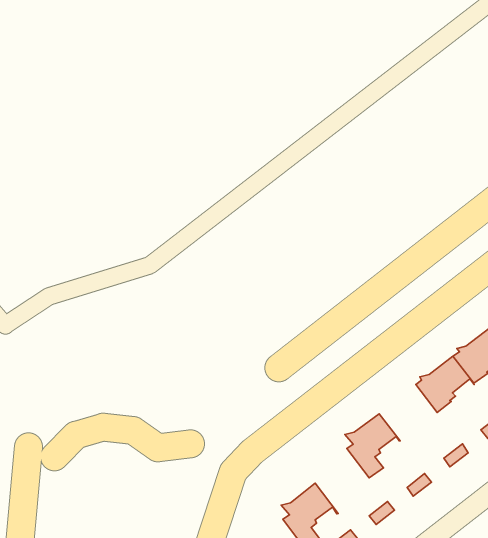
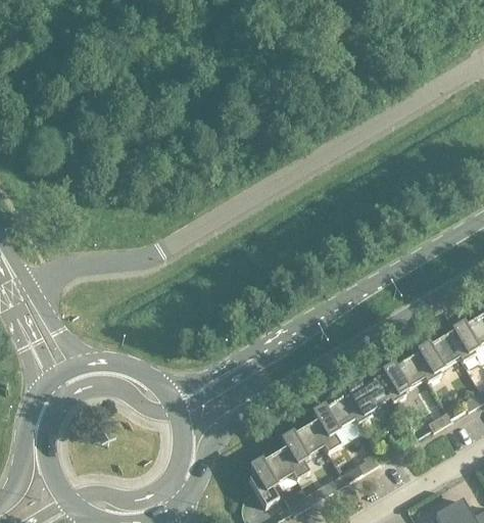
building: none -> [342,375,392,422]
building: none -> [280,423,327,478]

